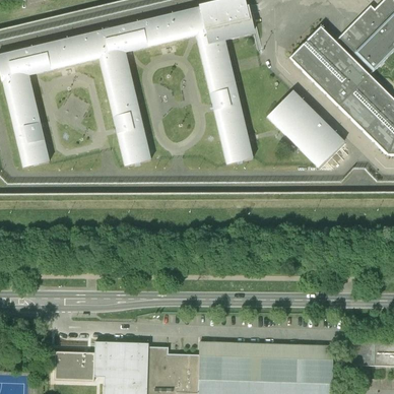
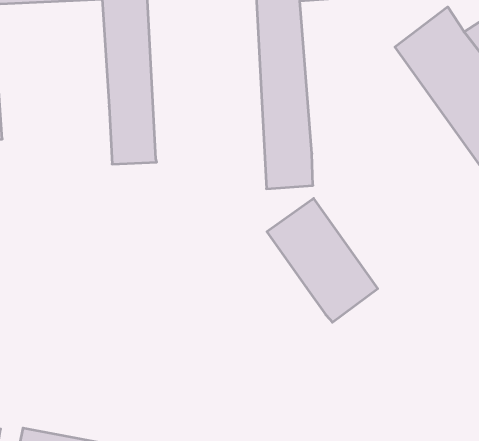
building: [266,89,343,167] -> [267,198,378,322]

